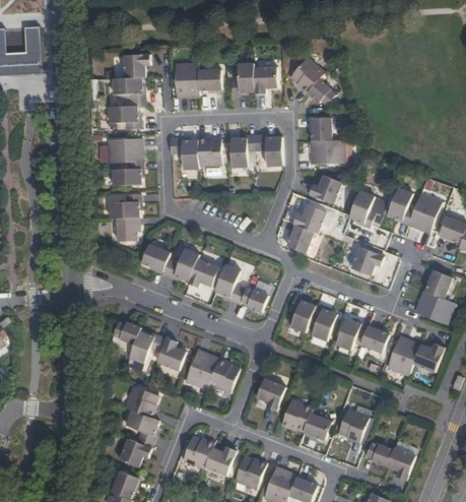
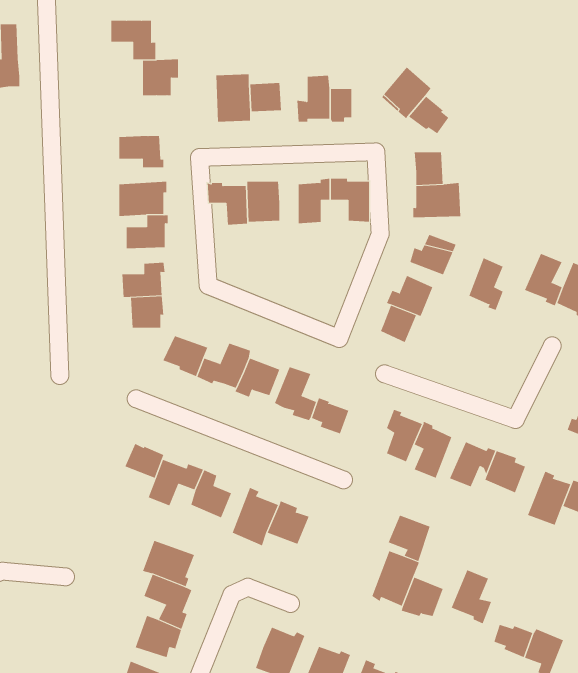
building: [112,78,143,106] -> [111,20,156,60]
building: [350,246,383,274] -> none
building: [254,378,283,411] -> [388,515,430,562]
building: [185,434,212,459] -> none

